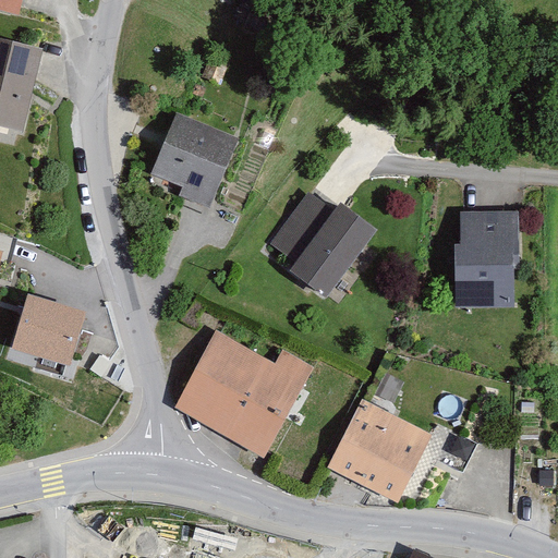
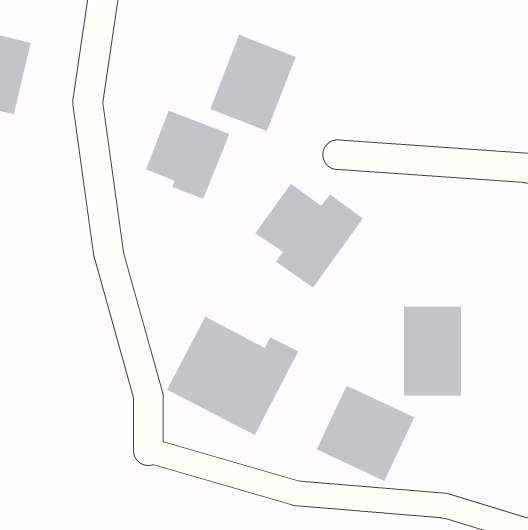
building: none -> [210,34,297,132]
building: [457,211,518,305] -> [403,306,462,396]
building: [10,290,75,353] -> none

